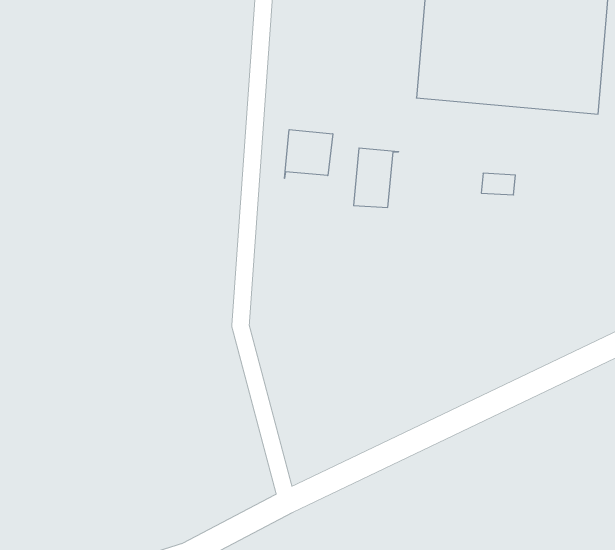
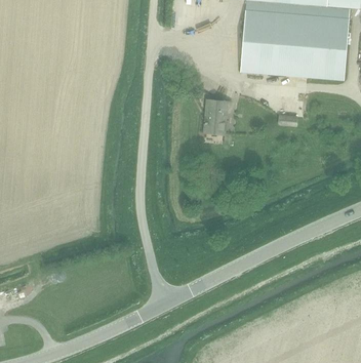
building: [285,130,333,178] -> none

